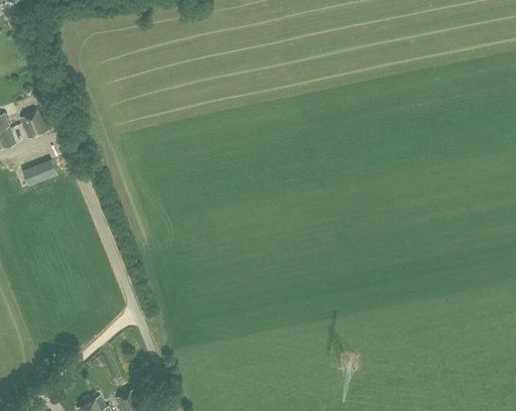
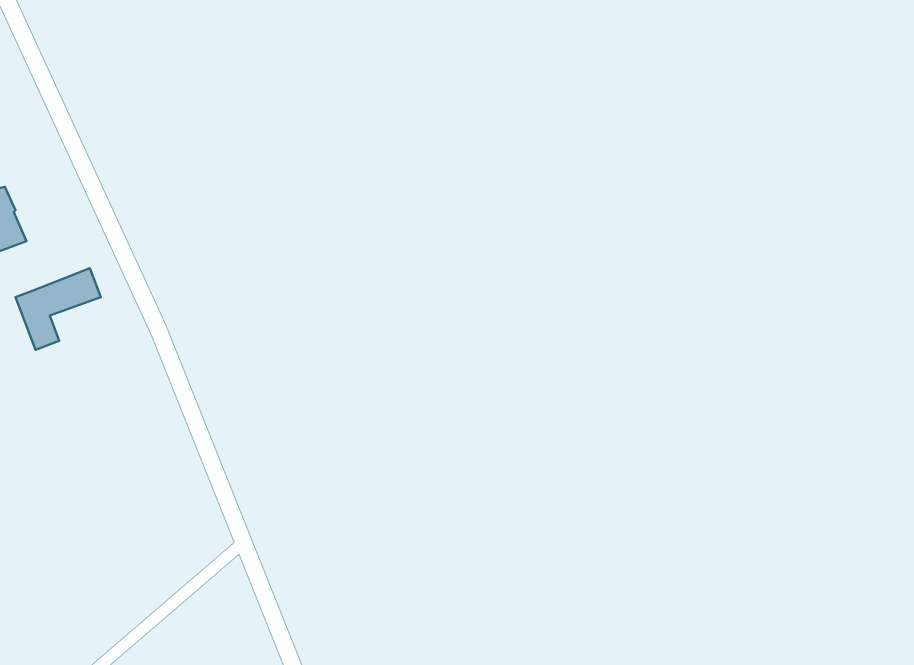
building: [21,111,49,139] -> none

